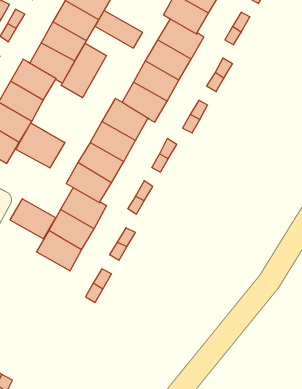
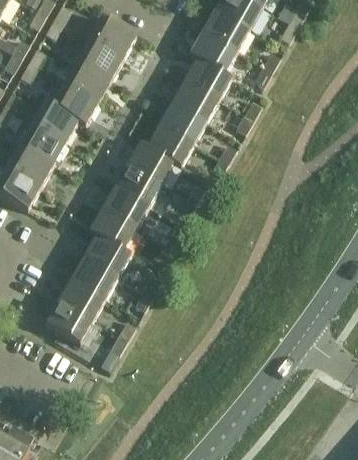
building: [95,10,142,48] -> none
building: [61,43,106,98] -> none
building: [16,123,65,168] -> none
building: [10,199,56,239] -> [44,302,92,344]

